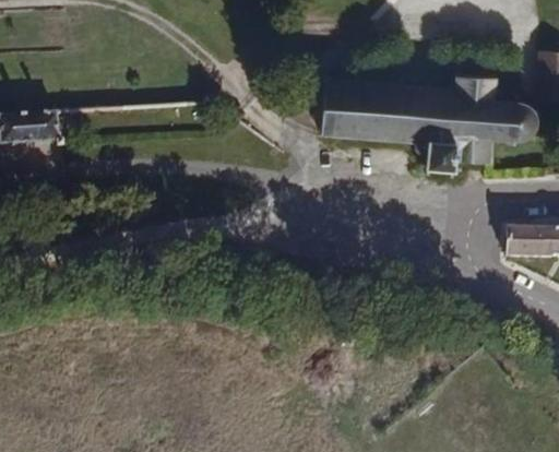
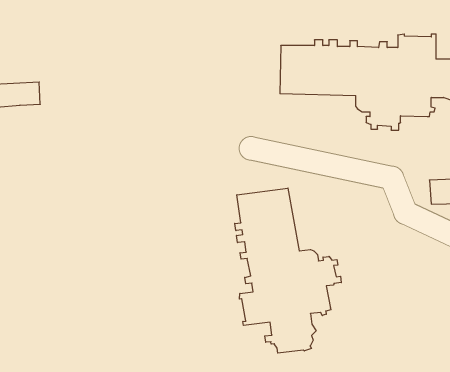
building: none -> [235,188,341,353]

